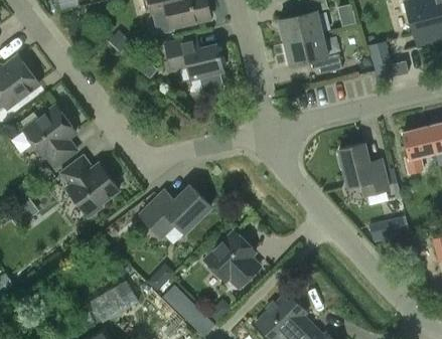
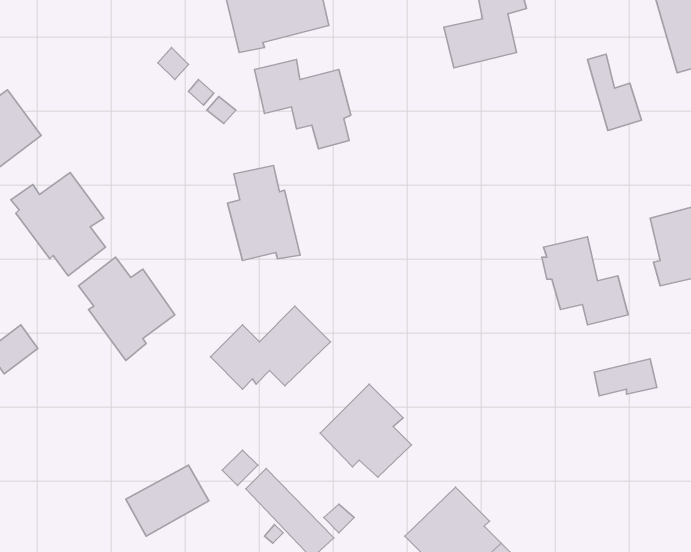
building: [285,34,342,74] -> none
building: none -> [228,165,300,261]

